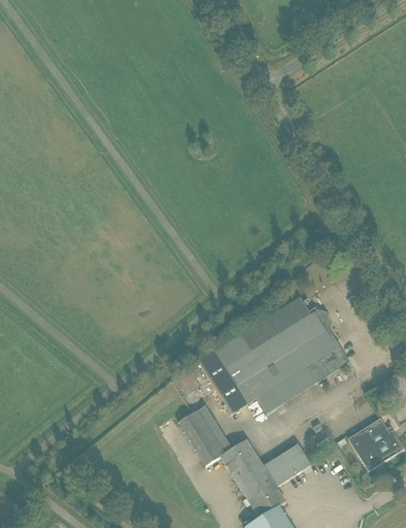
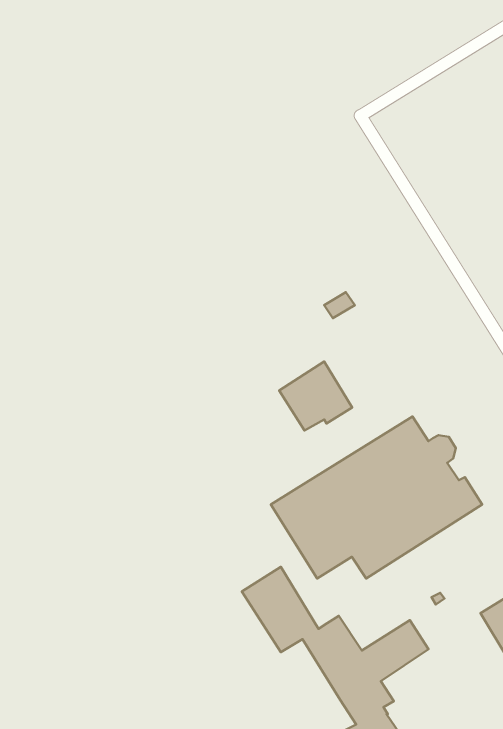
building: none -> [279,361,352,431]

